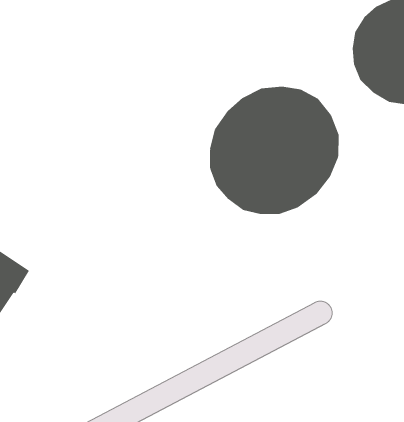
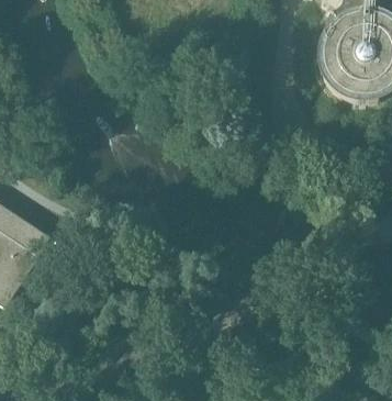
building: [210,86,339,215] -> none

